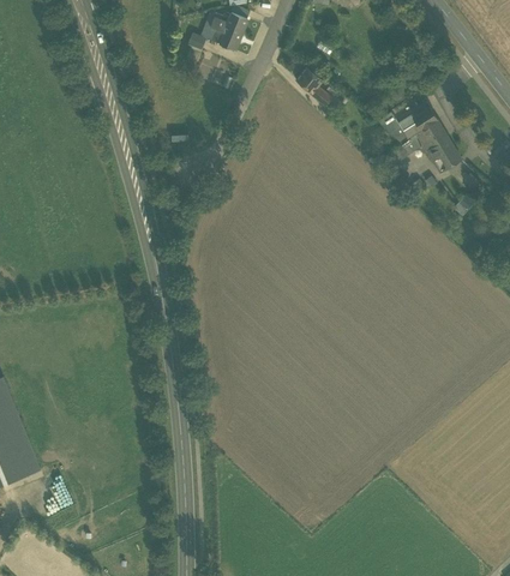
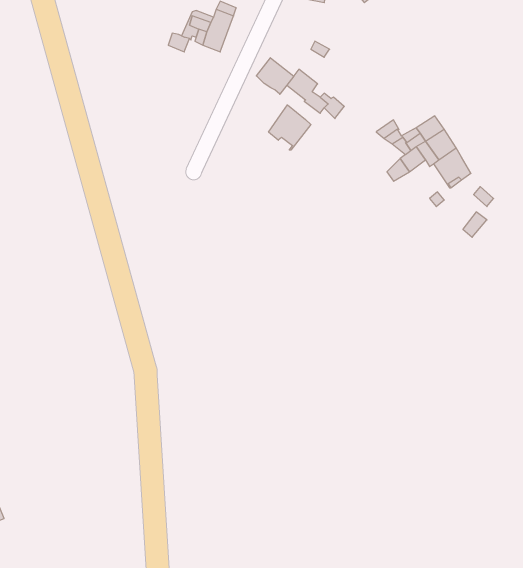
building: none -> [256,58,294,94]
building: none -> [269,105,311,150]

